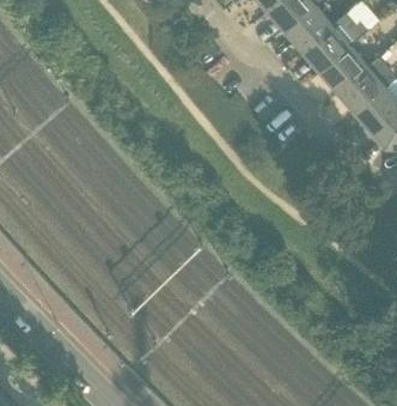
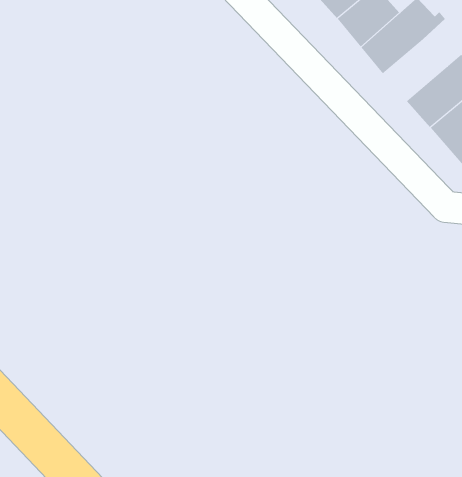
building: [316,44,365,91] -> none

